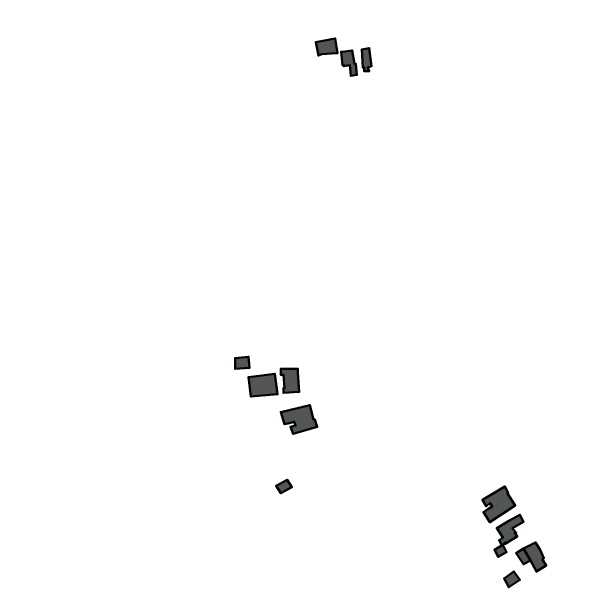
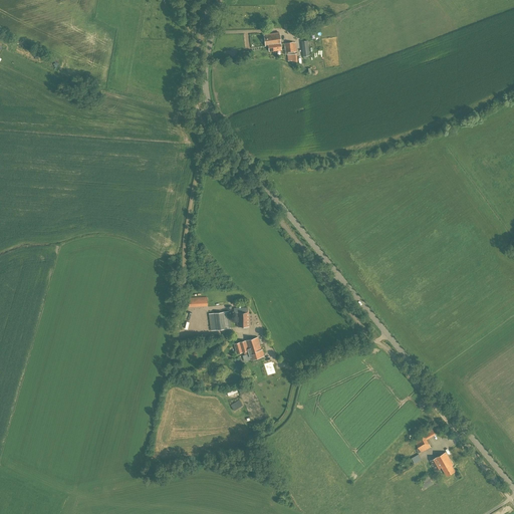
building: [483,486,515,522] -> none

